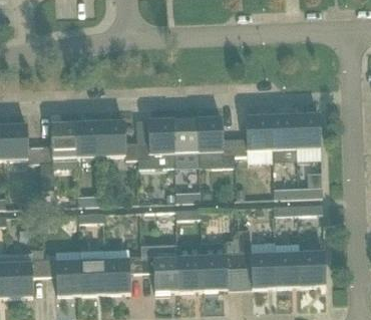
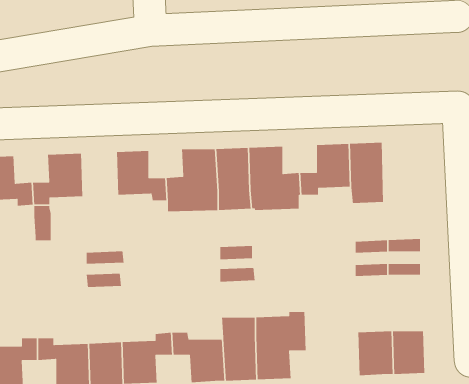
building: [294,115,320,161] -> none
building: [75,123,101,156] -> none
building: [239,255,277,288] -> none

